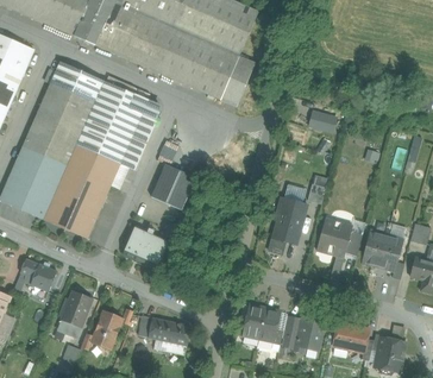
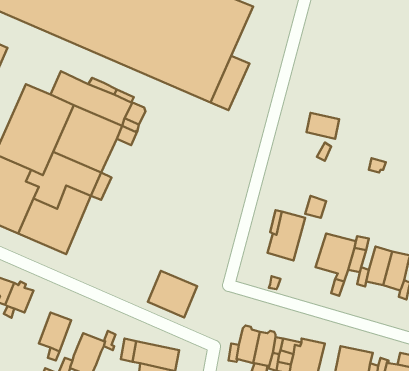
building: [50,61,82,92] -> none
building: [150,164,195,209] -> none
building: [123,225,168,267] -> [148,271,197,317]

